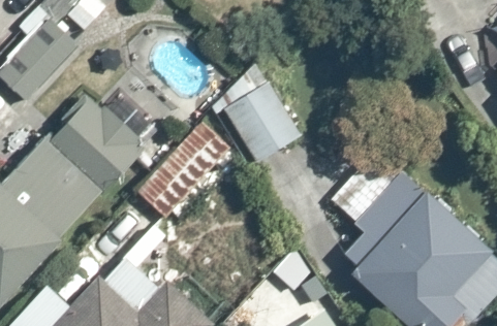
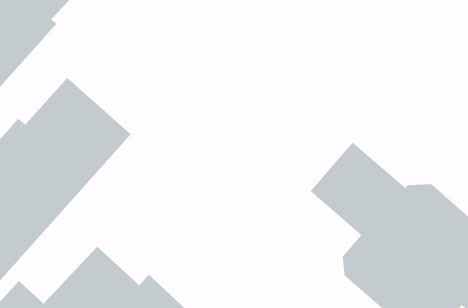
building: [216,67,305,162] -> none
building: [134,118,232,220] -> none

